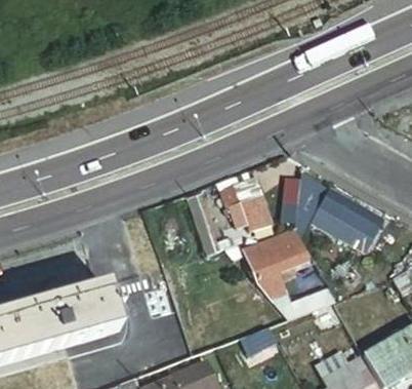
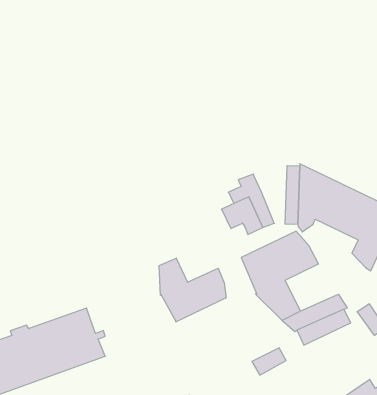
building: none -> [159,258,226,322]

